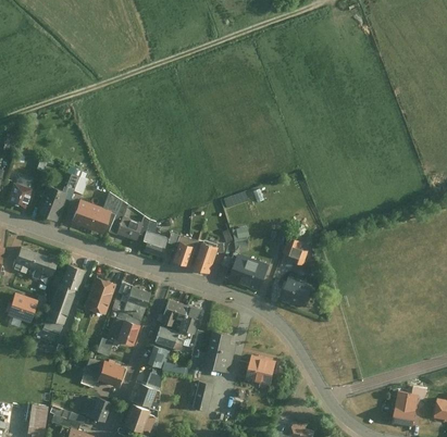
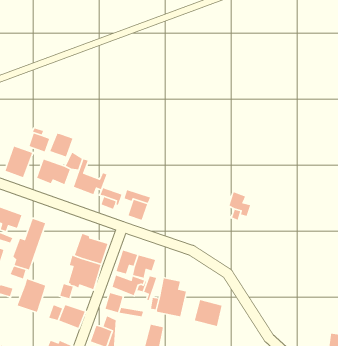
building: none -> [49,133,73,158]
building: [193,242,219,274] -> none
building: [227,252,269,290] -> none
building: [281,275,312,305] -> none
building: [83,276,115,314] -> [17,278,46,313]

